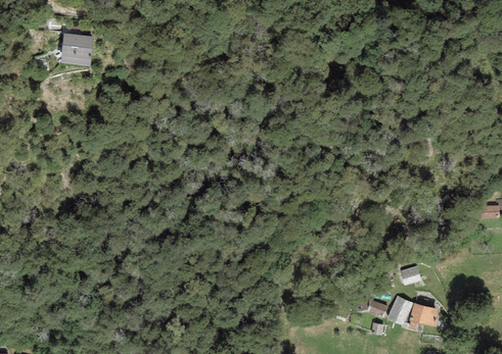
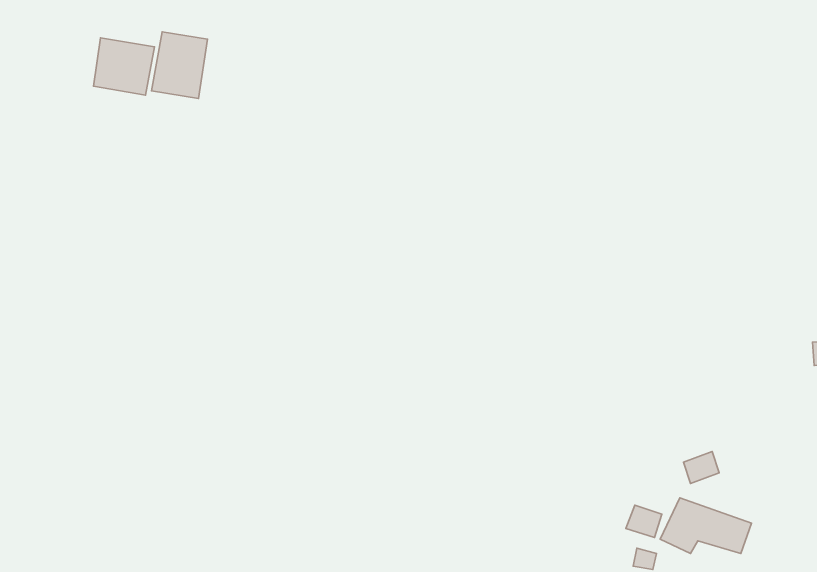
building: none -> [152,32,208,99]

